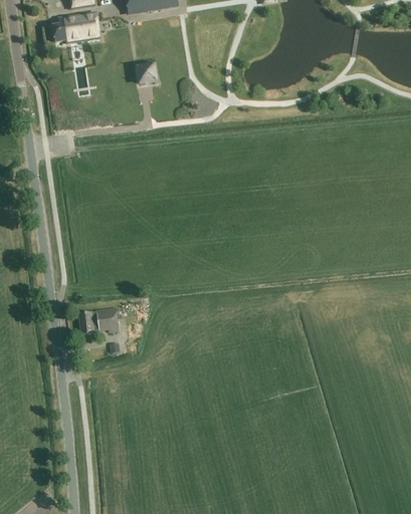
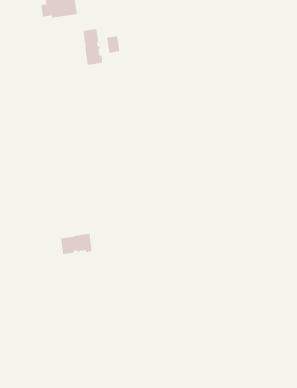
building: none -> [82,28,103,66]

